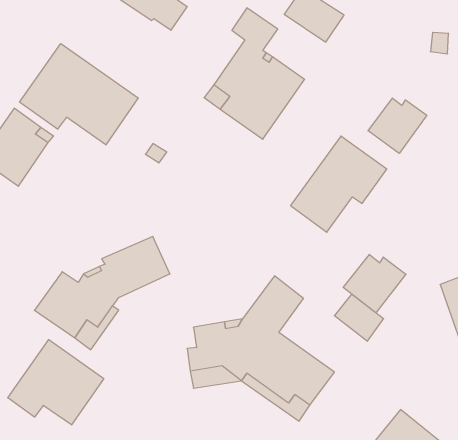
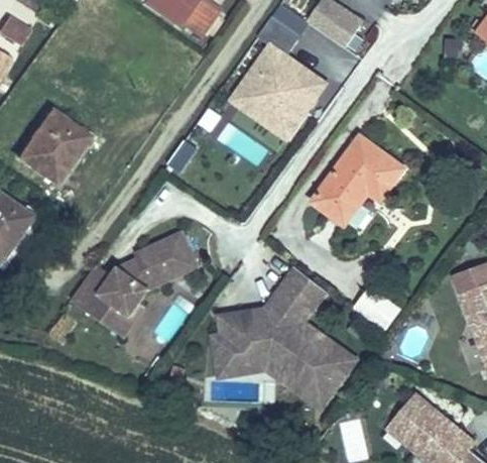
building: [20,44,138,145] -> none
building: [368,98,427,153] -> none
building: [343,254,406,313] -> none
building: [8,340,104,425] -> none

